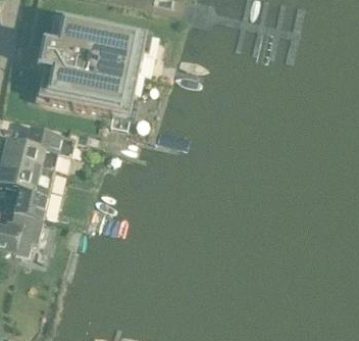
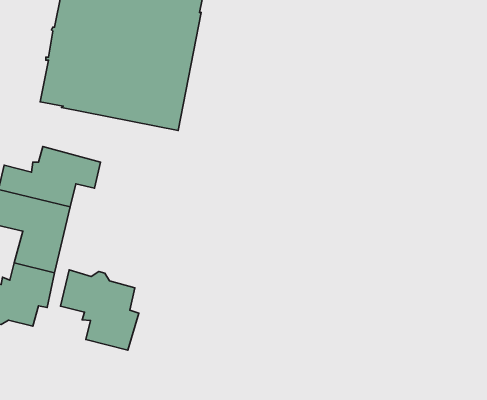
building: none -> [60,270,139,350]

